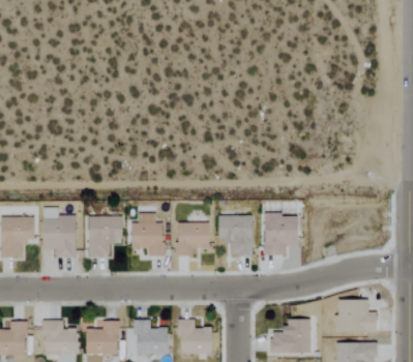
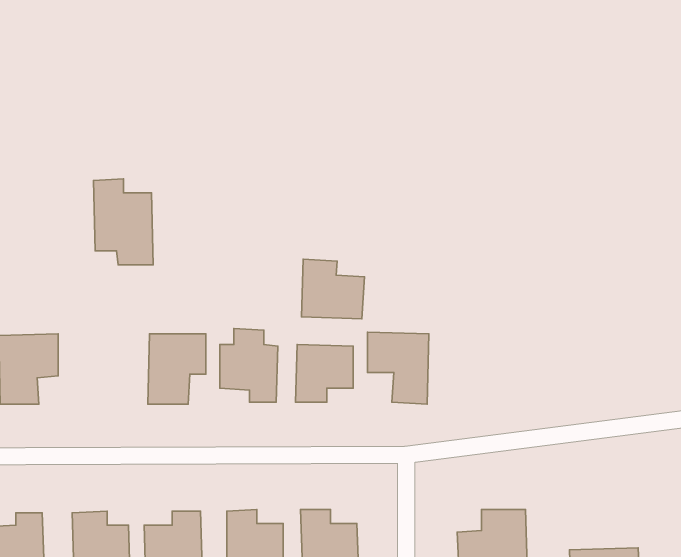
building: none -> [301,259,364,319]
building: [41,207,77,258] -> [94,179,153,265]
building: [264,212,297,255] -> none
building: [336,300,377,333] -> none

